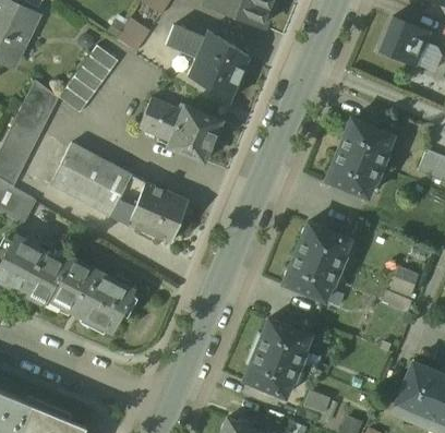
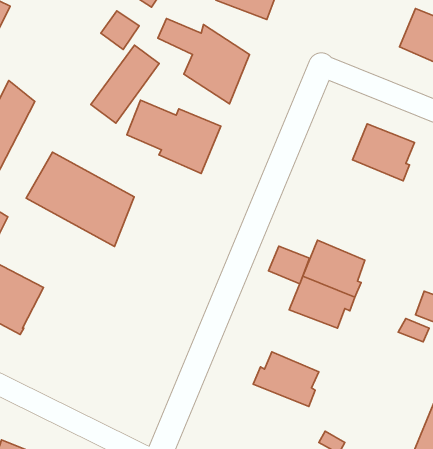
building: [59,45,119,113] -> [91,45,159,123]
building: [326,149,383,195] -> none
building: [129,182,189,242] -> none
building: none -> [268,246,309,284]
building: [48,257,134,332] -> none
building: [242,347,300,397] -> none

